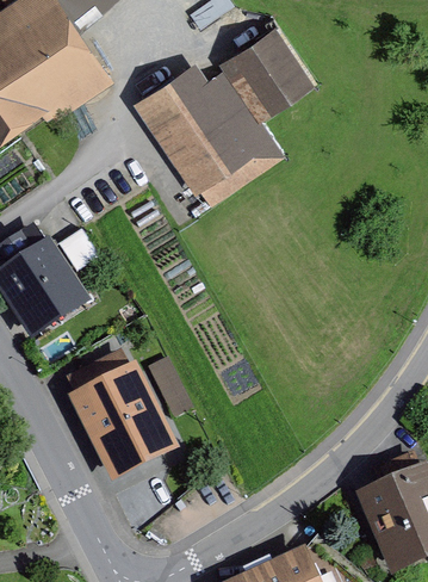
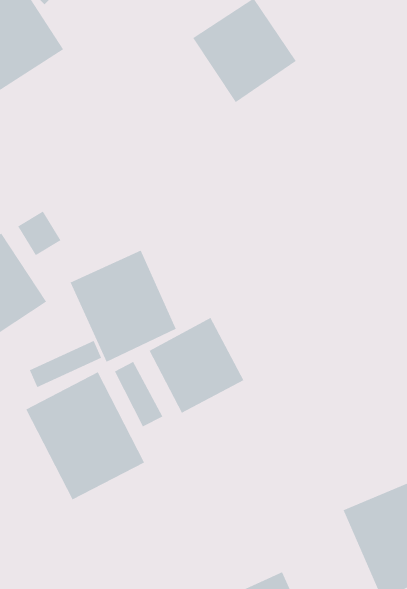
building: [136,55,283,203] -> none
building: none -> [69,250,177,363]
building: none -> [149,317,245,414]

